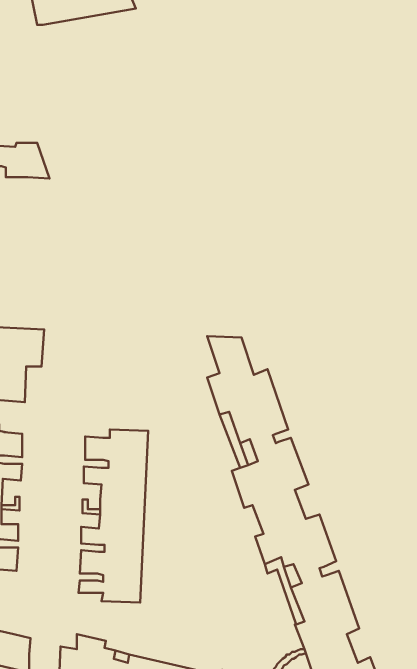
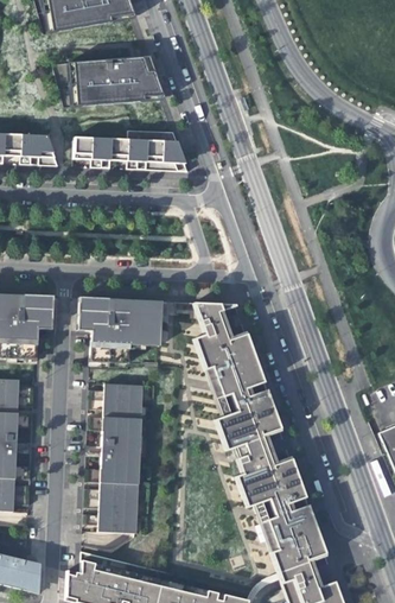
building: none -> [68,56,161,106]
building: none -> [74,129,189,170]
building: none -> [78,297,163,362]

